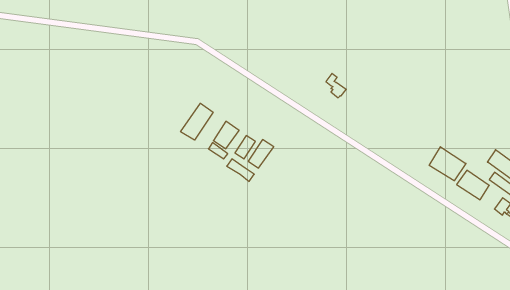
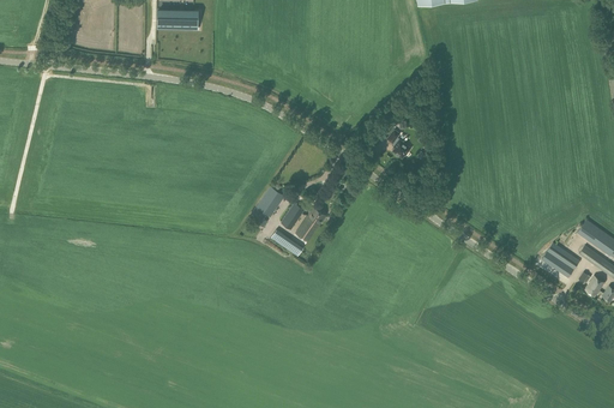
building: [181,103,213,140] -> none
building: [429,147,466,181] -> none

